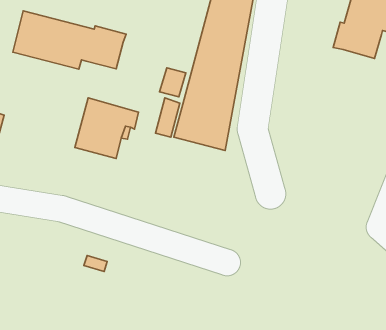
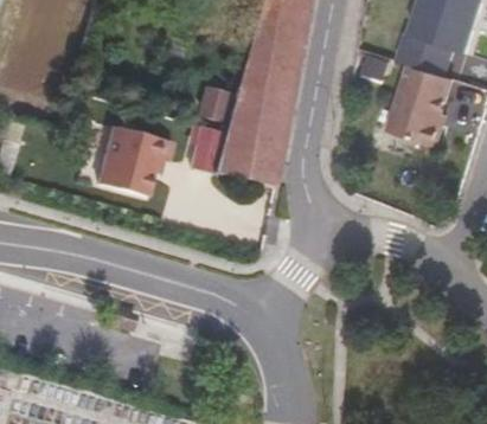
building: [13,11,126,69] -> none
building: none -> [391,66,454,147]

